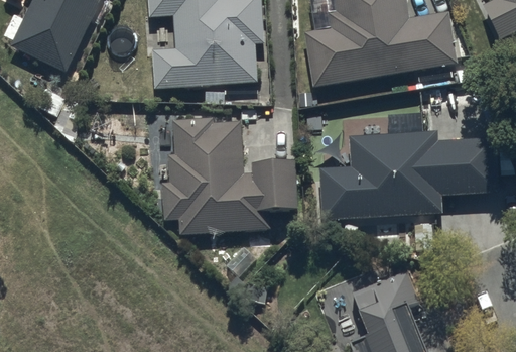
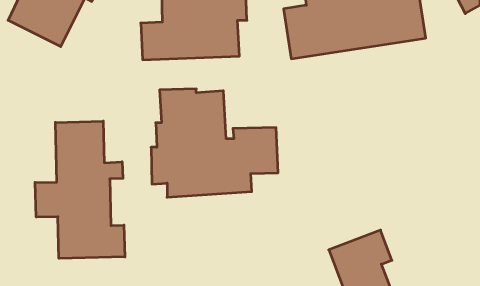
building: [318,130,497,221] -> none
building: none -> [35,121,125,258]

